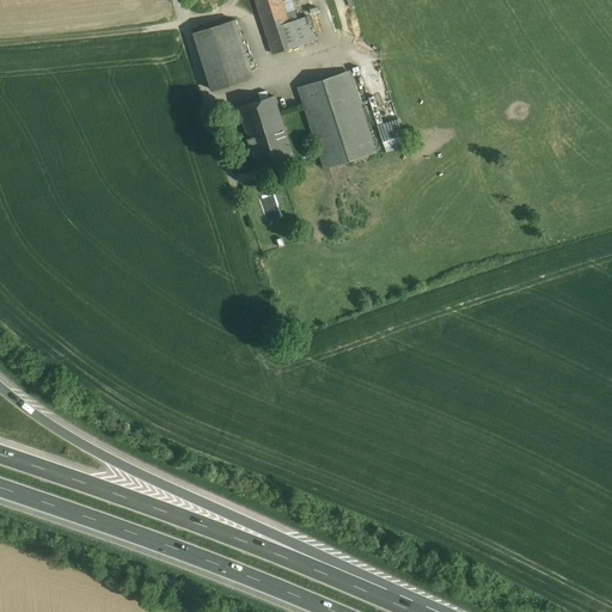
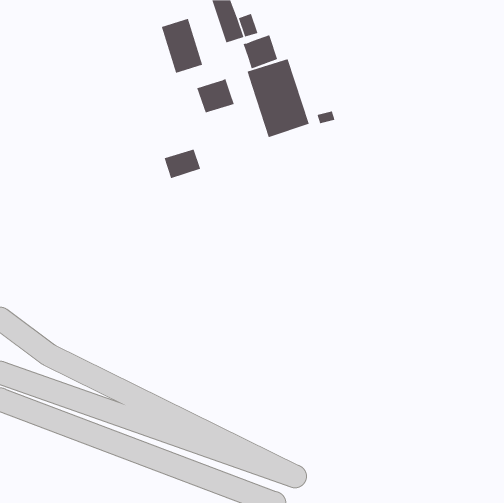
building: none -> [243,34,278,70]
building: [247,127,293,164] -> [164,149,201,179]

